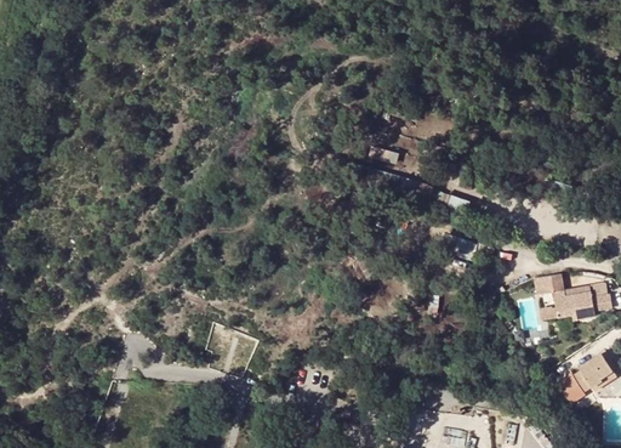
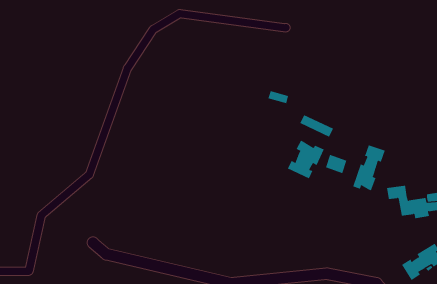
building: none -> [287,140,325,179]
building: none -> [352,144,385,191]

